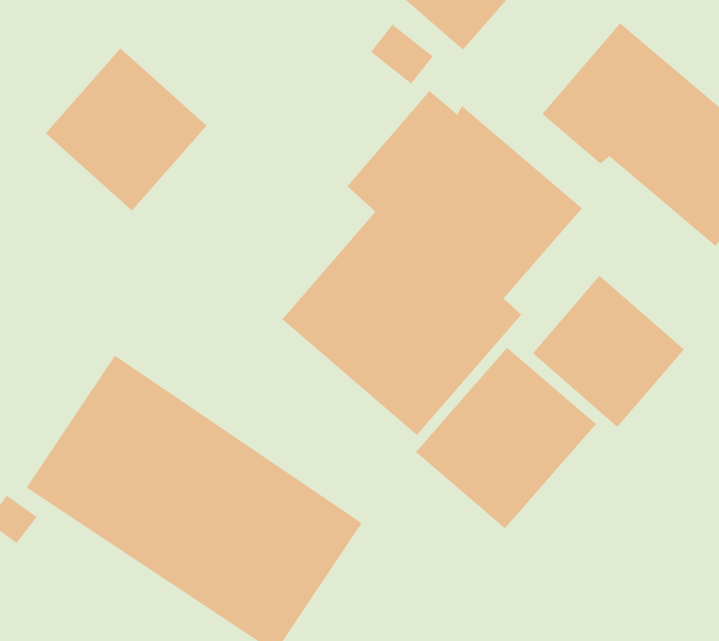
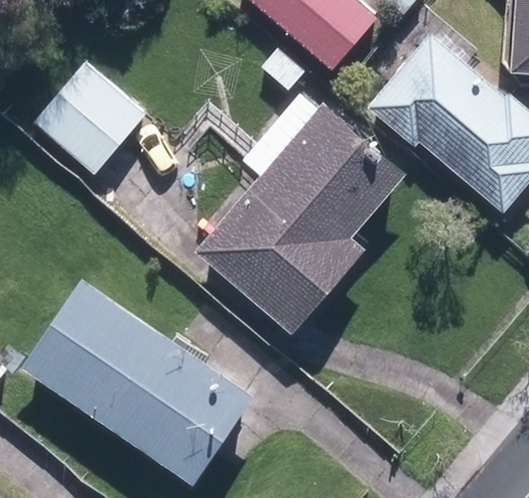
building: [532,275,685,428] -> none
building: [415,347,597,529] -> none

